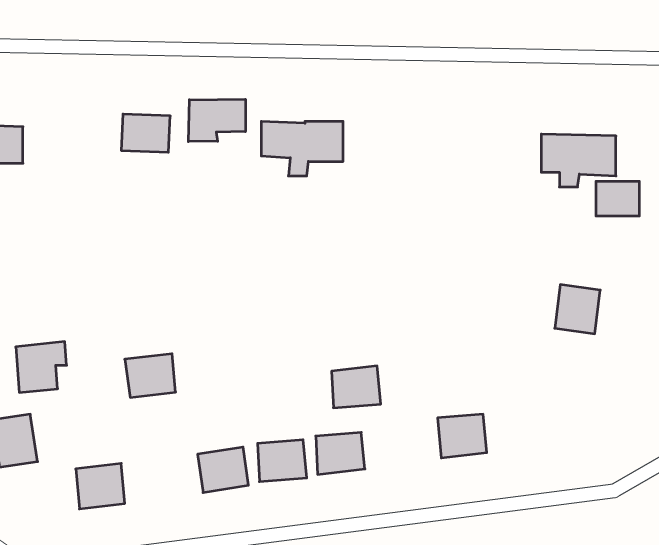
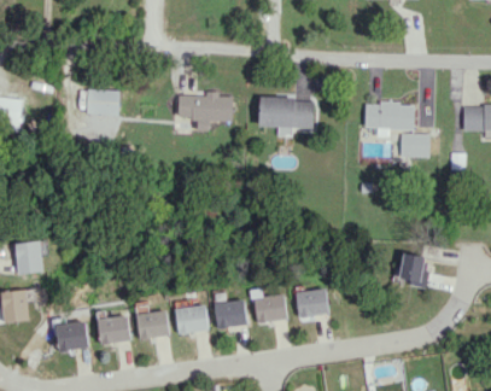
building: [188,99,245,142] -> none
building: none -> [259,98,314,128]
building: [555,285,600,334] -> [399,253,429,286]
building: [125,354,176,397] -> [97,315,130,344]
building: [332,366,381,408] -> [255,294,287,322]

